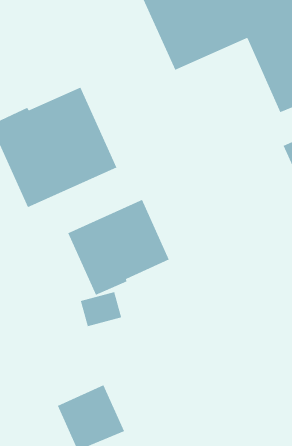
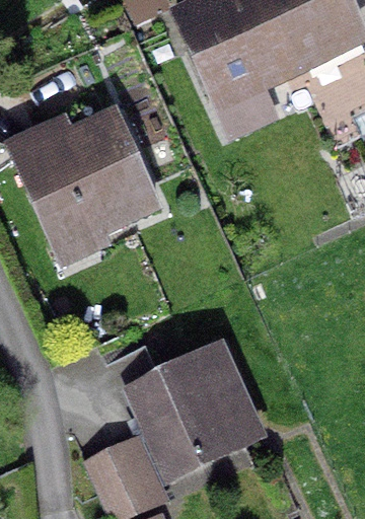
building: [67,199,170,296] -> none
building: none -> [128,343,258,477]

